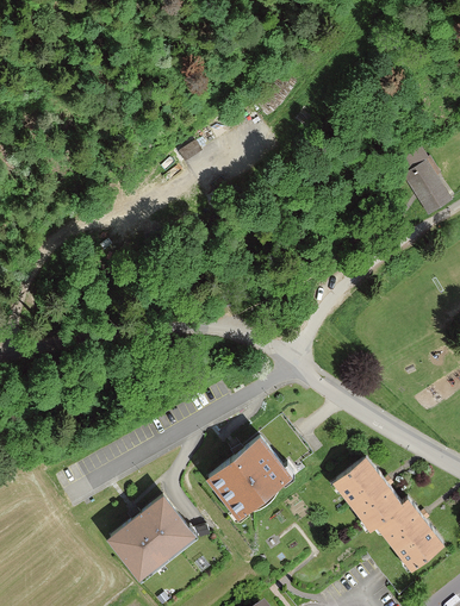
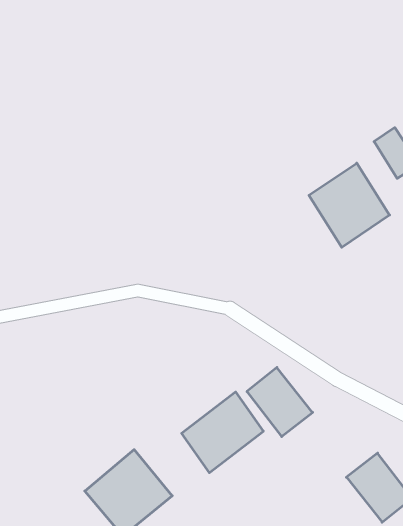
building: none -> [309,163,390,247]
building: [332,454,400,525] -> [247,367,313,437]

